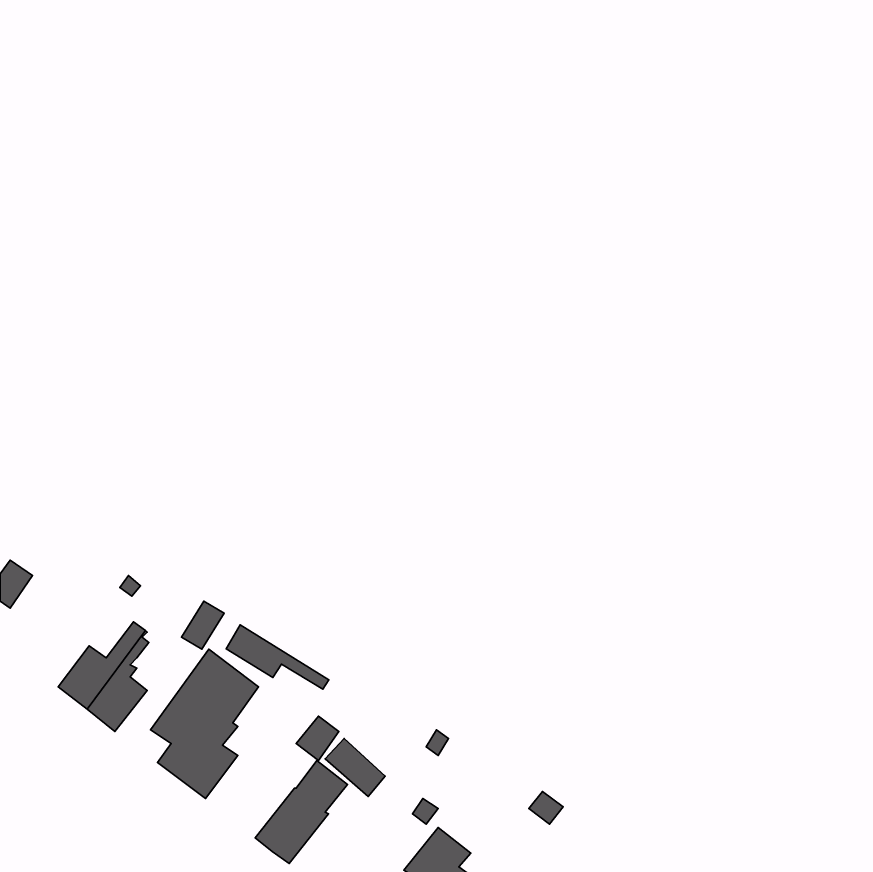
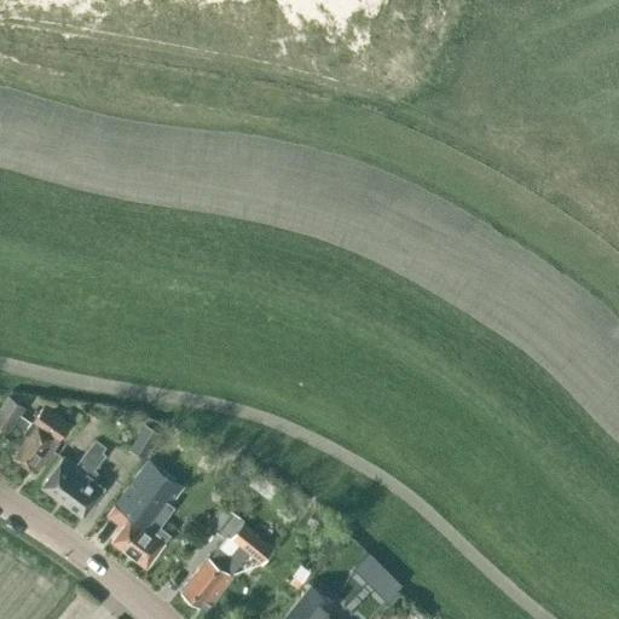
building: none -> [13,407,70,475]
building: [226,625,329,689] -> none

